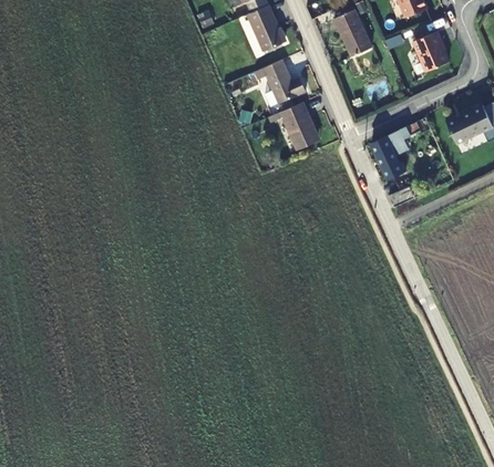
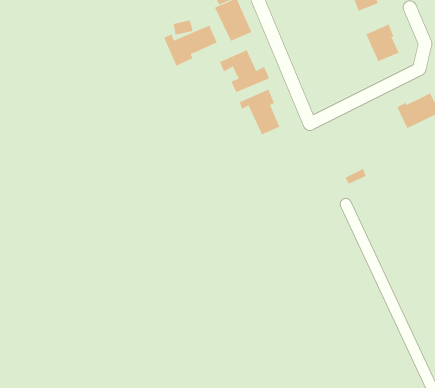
building: [332,11,370,59] -> none
building: none -> [163,25,217,66]
building: [370,124,418,180] -> none

